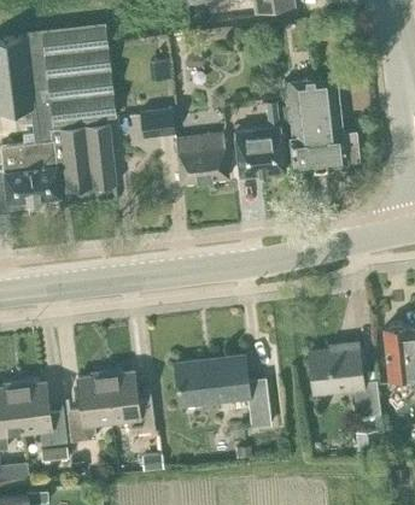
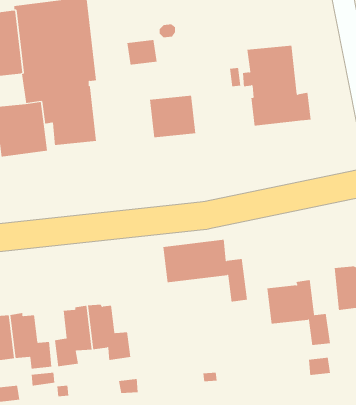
building: [140,110,175,139] -> [126,40,157,65]
building: [234,128,285,177] -> none
building: [175,357,271,428] -> [162,239,248,302]

